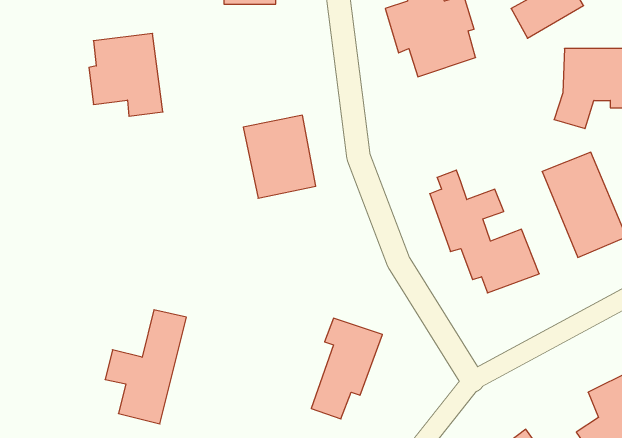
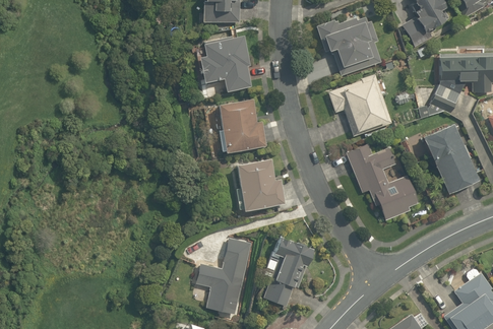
building: [89,33,163,116] -> [199,35,250,91]
building: none -> [327,74,390,135]
building: none -> [236,159,286,213]
building: [105,310,186,424] -> [195,237,251,315]

